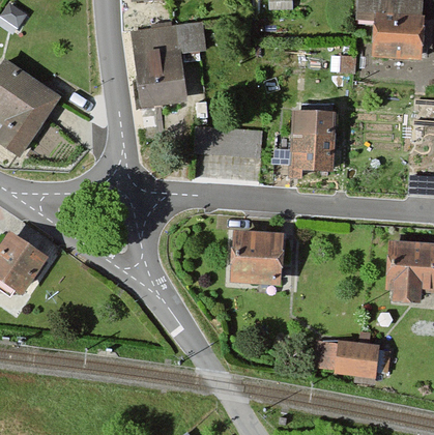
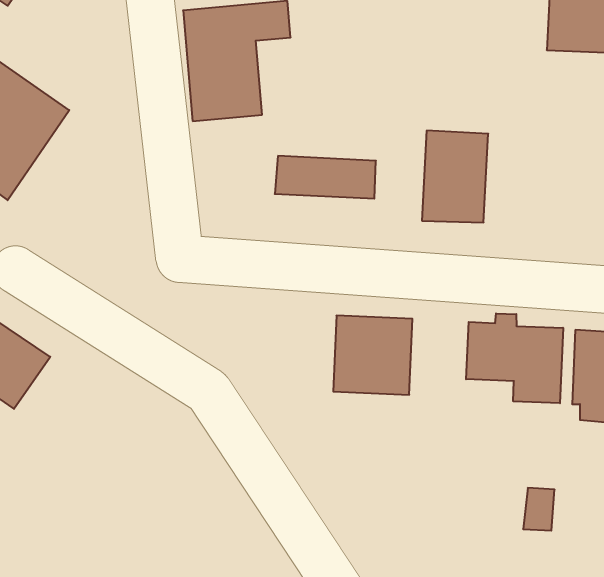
building: none -> [466,313,563,403]
building: [315,340,359,371] -> none

